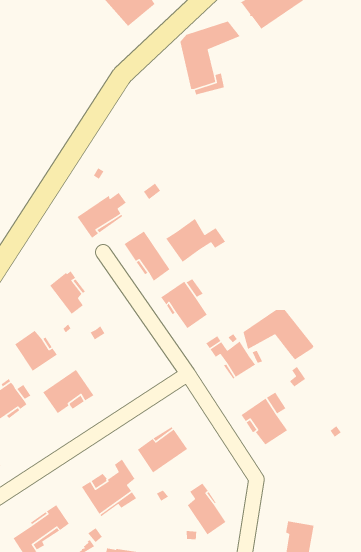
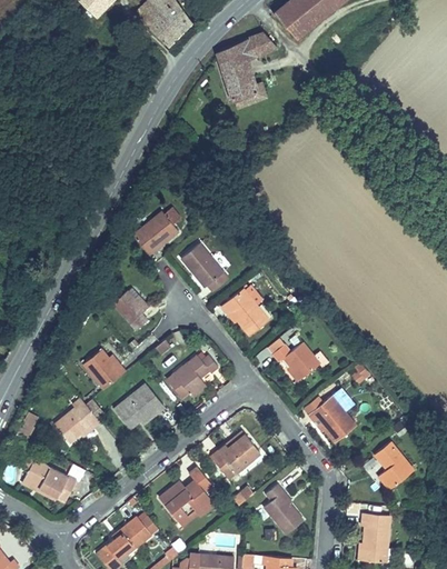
building: [165,218,226,263] -> none
building: [243,309,314,361] -> none
building: none -> [166,355,218,399]
building: none -> [374,441,414,490]

